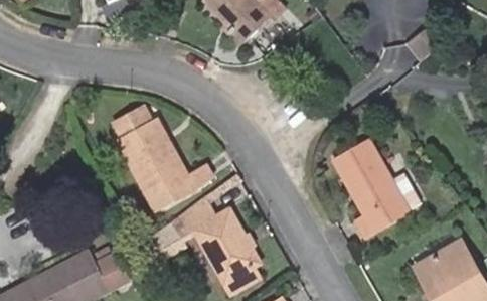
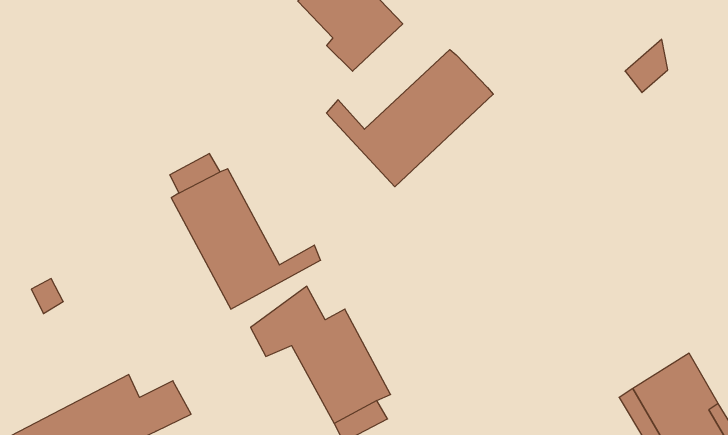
building: none -> [327,50,493,187]
building: [332,138,407,227] -> none

